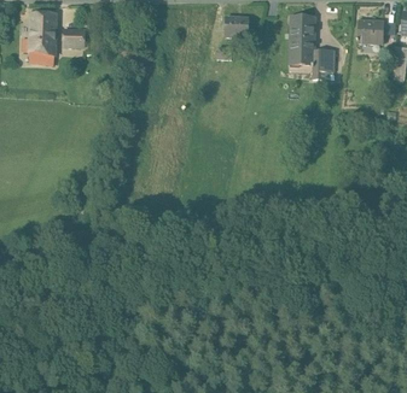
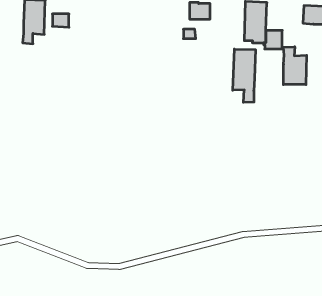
building: none -> [283,47,307,85]
building: none -> [233,49,255,102]

